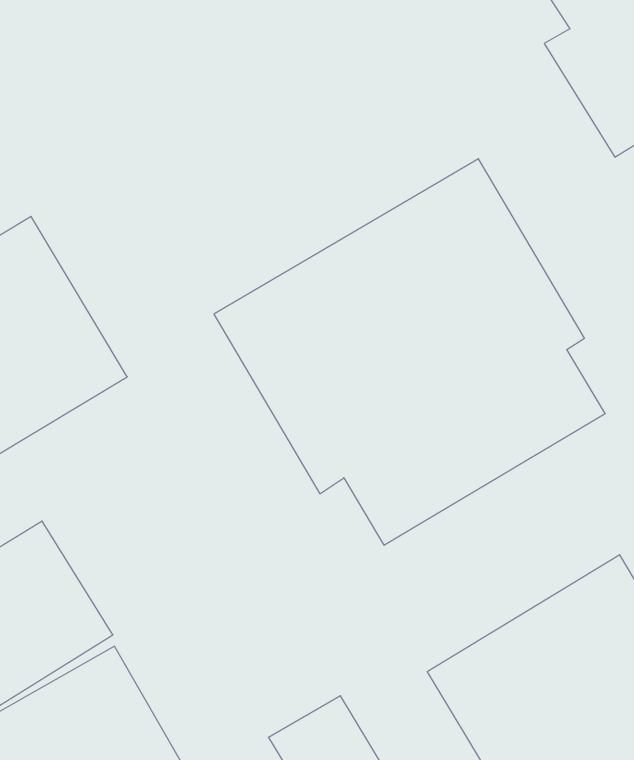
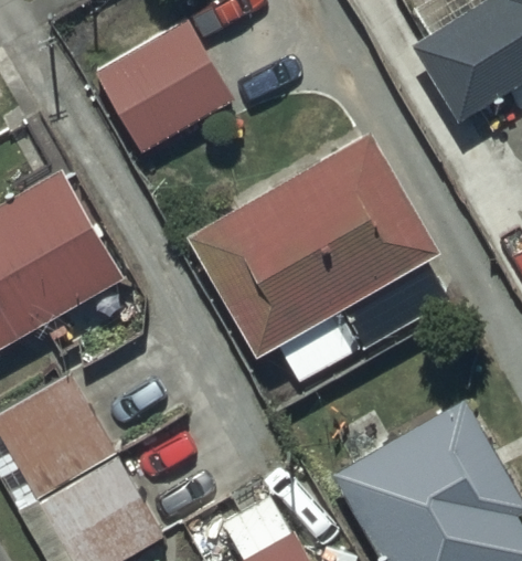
building: none -> [94,20,233,155]

